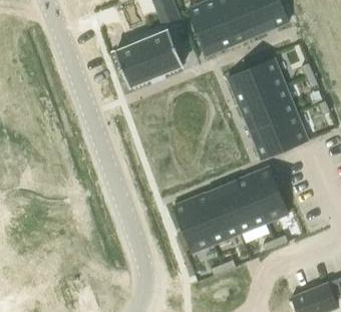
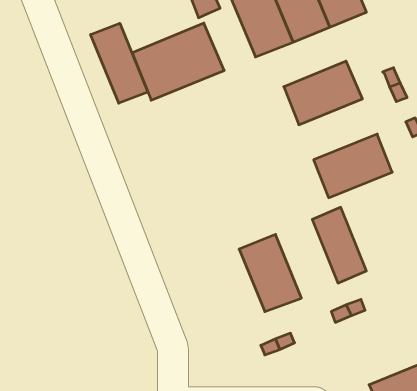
building: none -> [91,23,148,103]
building: [239,86,297,131] -> none
building: [222,176,268,234] -> none
building: [174,198,214,253] -> none

